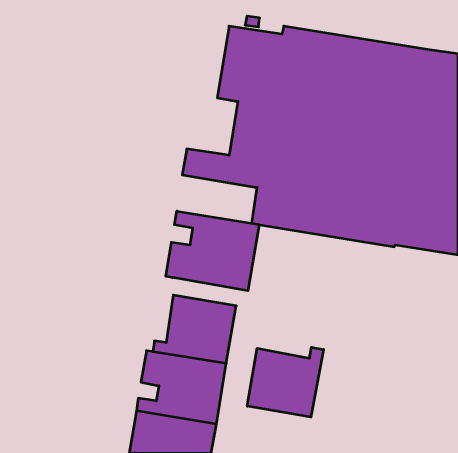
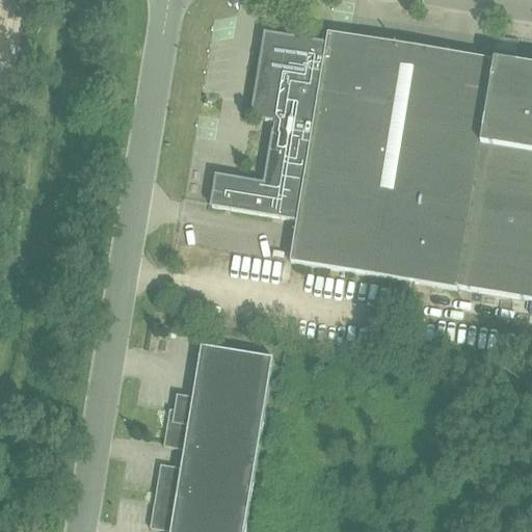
building: [166,211,259,291] -> none
building: [247,347,324,417] -> none

